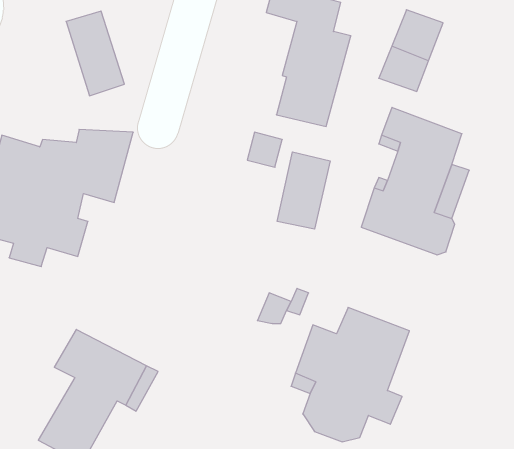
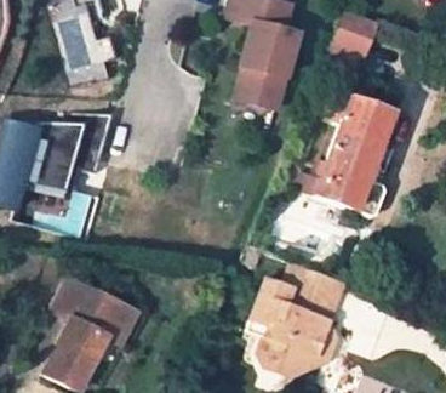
building: [277,152,330,229] -> none

